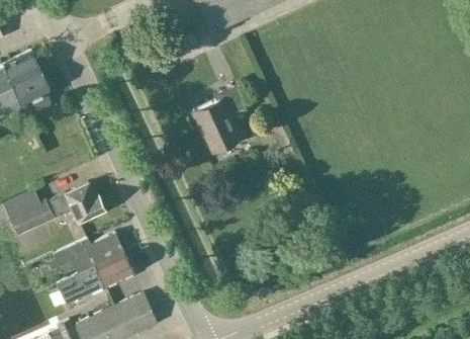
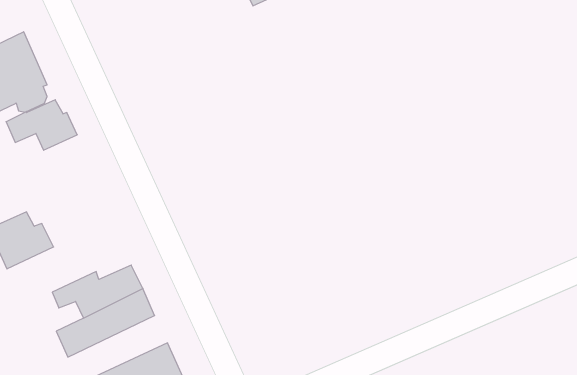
building: [191,86,246,152] -> none
building: [50,183,105,223] -> [6,100,77,150]

